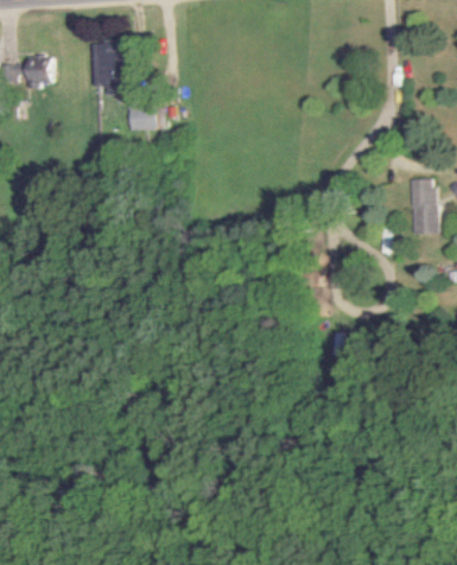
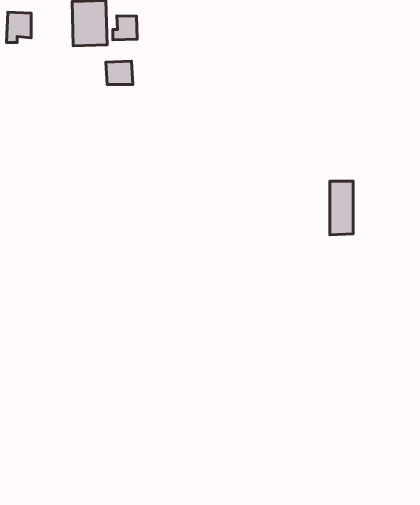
building: none -> [113,16,137,40]
building: [412,179,436,234] -> [330,181,353,235]

